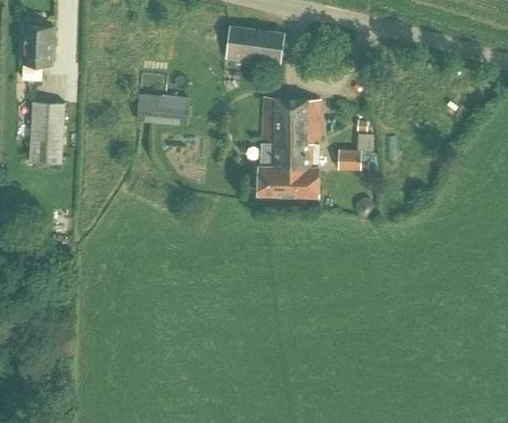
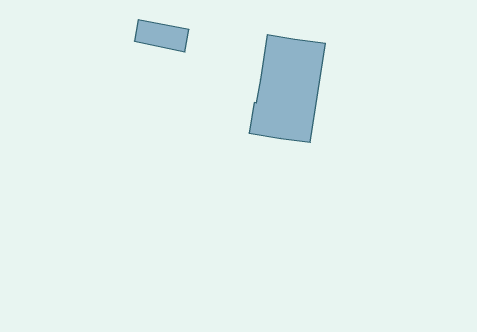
building: [29,102,65,164] -> none
building: [338,150,368,171] -> none

